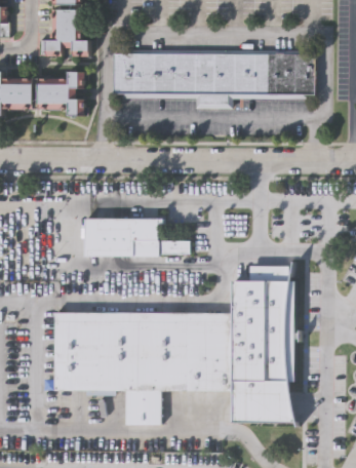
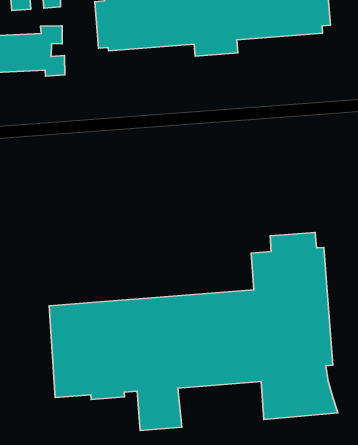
building: [84,220,189,258] -> none

